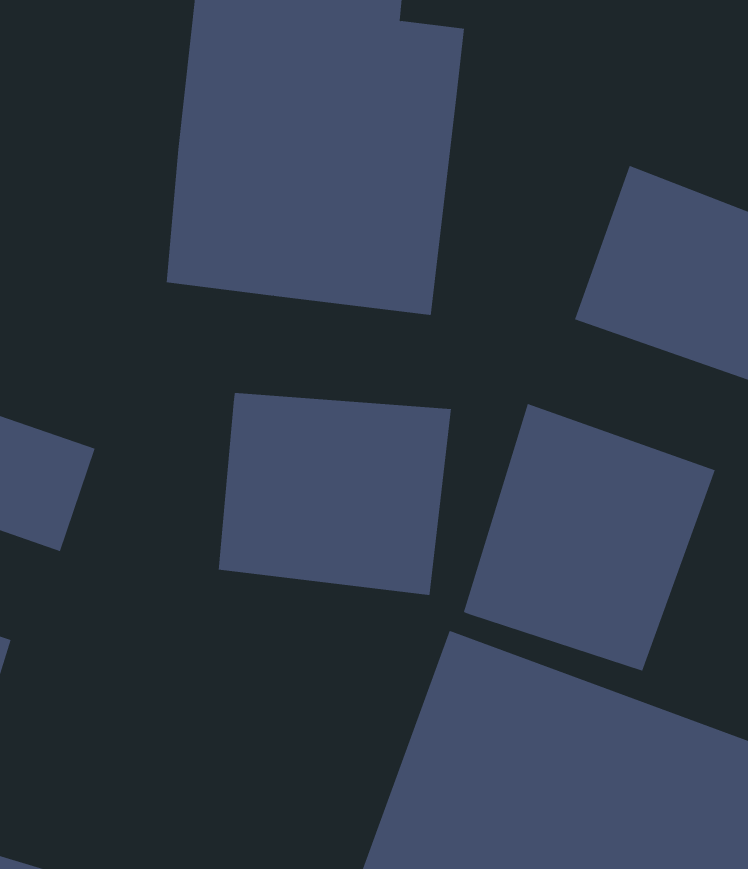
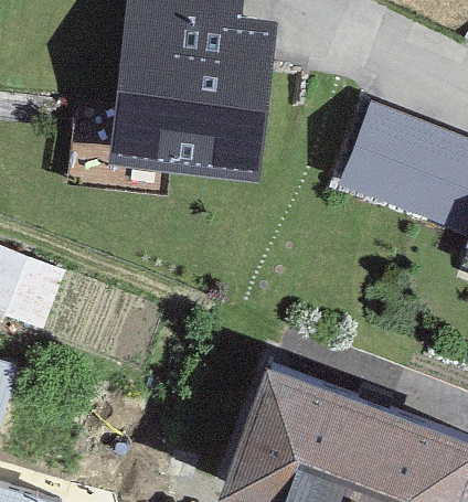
building: [218,392,451,596] -> none
building: [463,403,715,672] -> none

